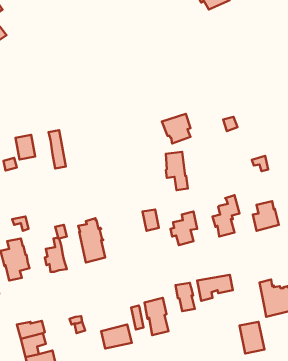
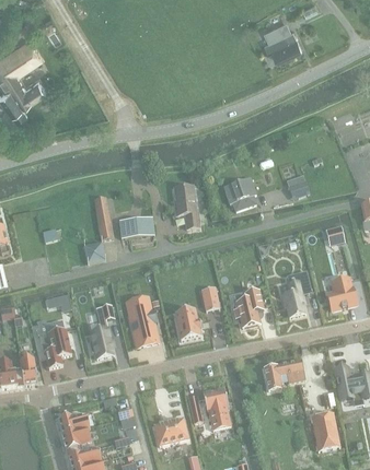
building: [16,135,35,159] -> none
building: none -> [117,215,152,237]
building: [166,152,188,190] -> [173,185,198,228]
building: none -> [173,308,199,340]
building: [175,283,195,311] -> none

